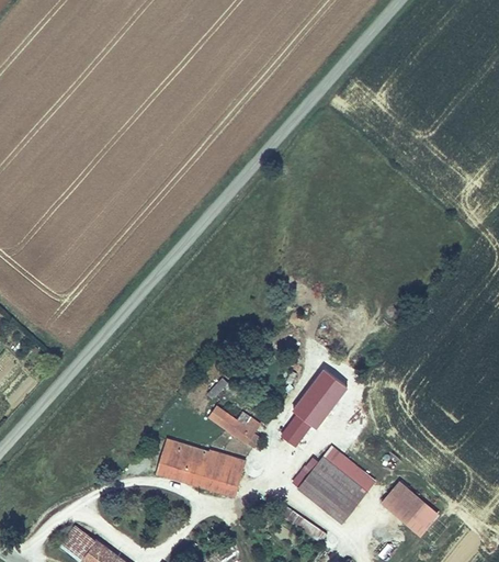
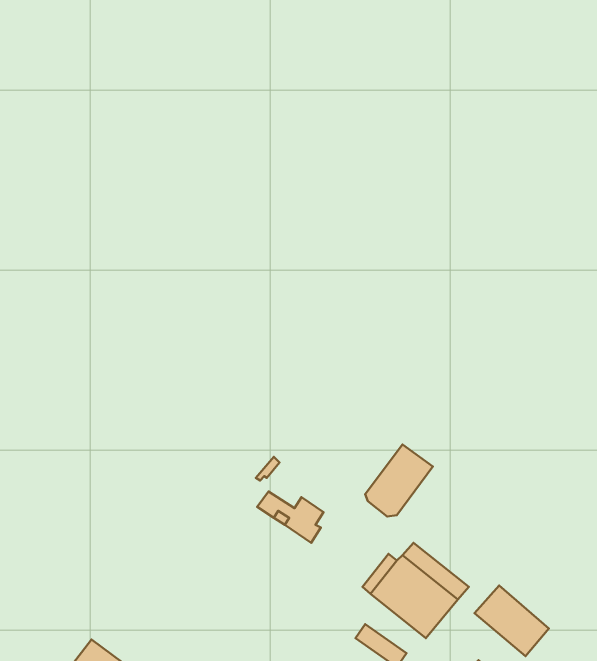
building: [280,414,310,446] -> none
building: [156,439,243,495] -> none

